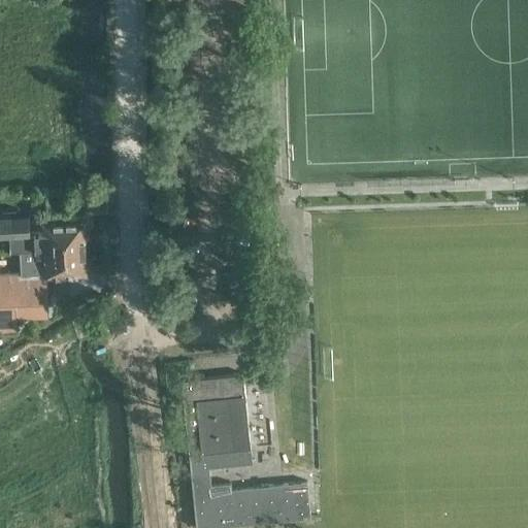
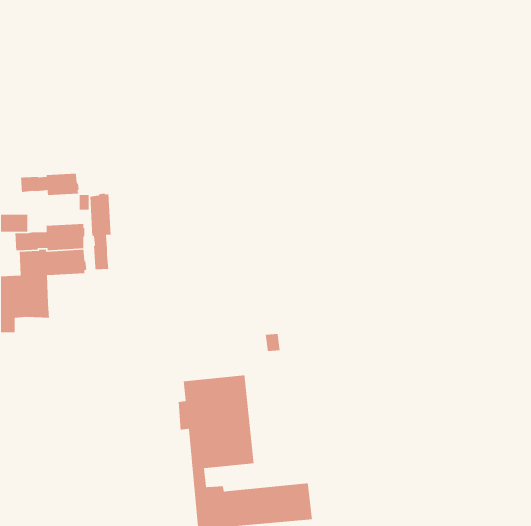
building: none -> [20,173,79,196]
building: none -> [89,193,111,270]

